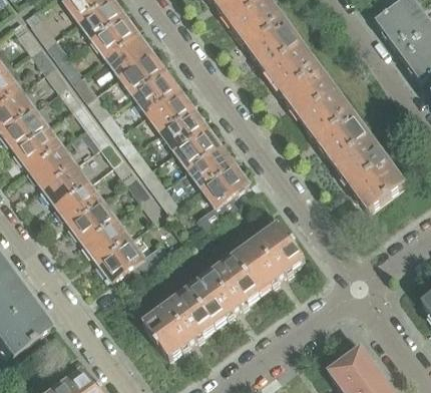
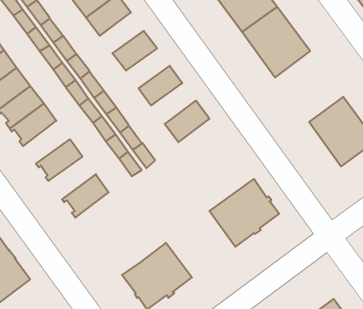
building: [118,48,163,90] -> none
building: [145,85,190,126] -> none
building: [300,88,370,161] -> none
building: [171,121,218,163] -> none
building: [196,158,247,225] -> none
building: [39,160,87,205] -> none
building: [65,198,114,242] -> none
building: [93,235,166,279] -> none
building: [186,254,259,323] -> none

